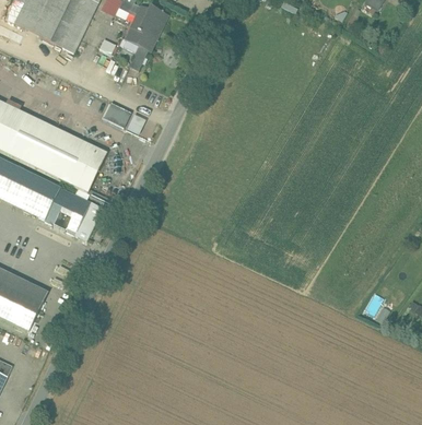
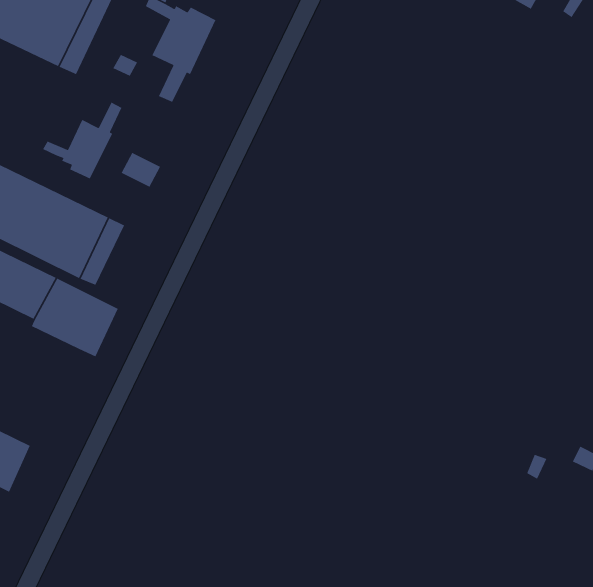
building: none -> [42,101,122,180]

